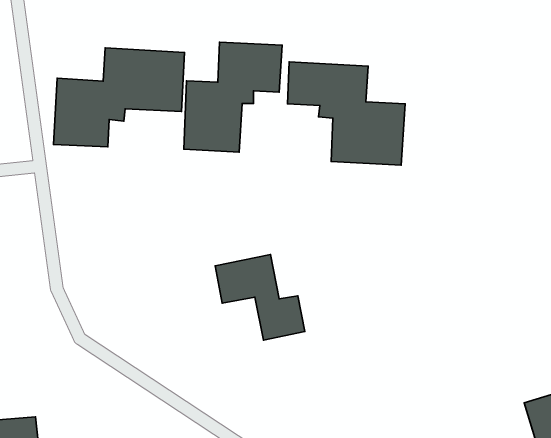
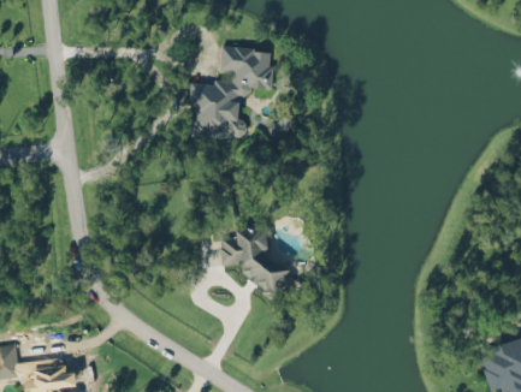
building: [53,48,184,147] -> none
building: [288,62,405,165] -> none

